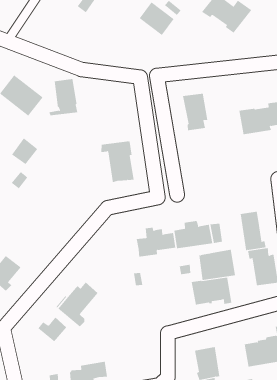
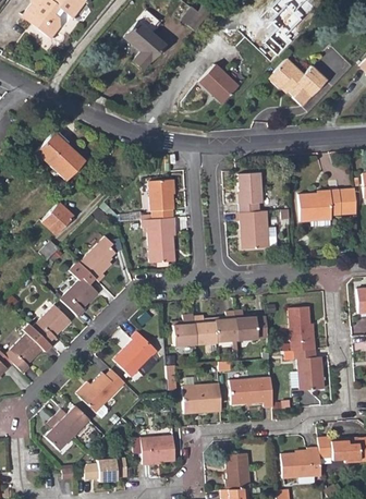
building: [49,79,78,116] -> [142,179,174,218]
building: none -> [240,209,277,247]
building: none -> [78,234,115,281]
building: none -> [60,276,97,316]
building: none -> [33,303,70,343]
building: none -> [113,331,157,377]
building: [198,249,236,280] -> [182,382,221,414]
building: none -> [45,415,73,448]
building: none -> [141,435,176,465]

